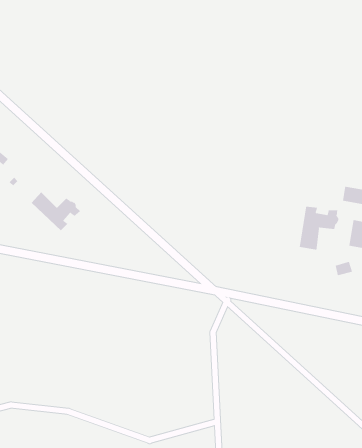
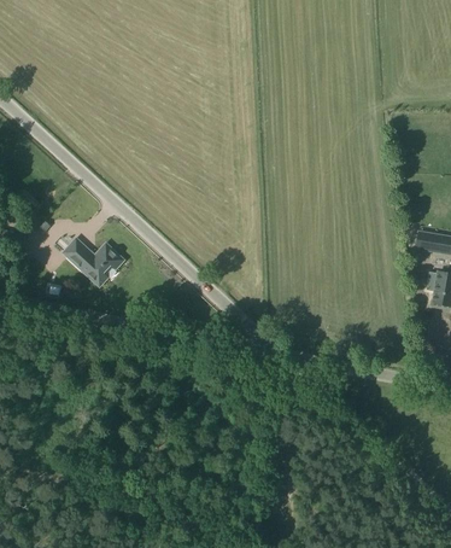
building: [299,206,339,251] -> none

